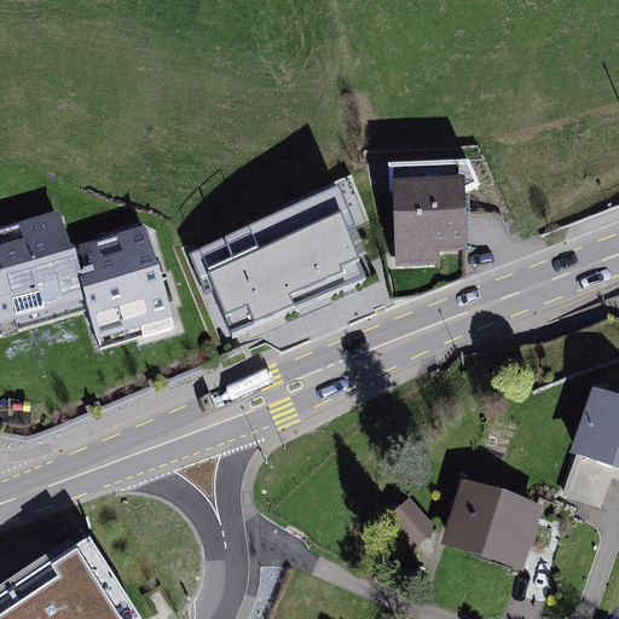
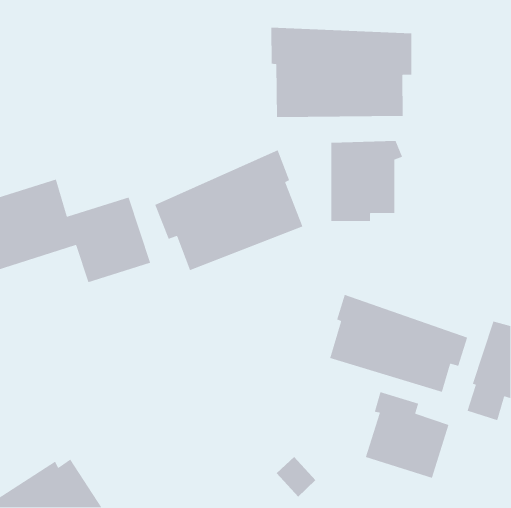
building: none -> [271,27,412,118]
building: none -> [329,294,468,393]
building: [384,497,433,546] -> [276,456,316,497]

